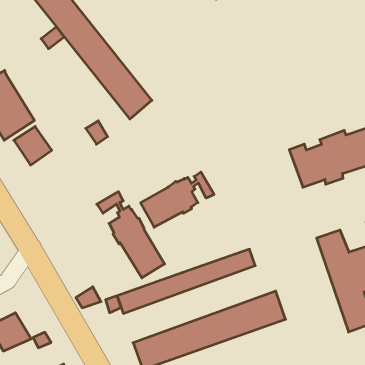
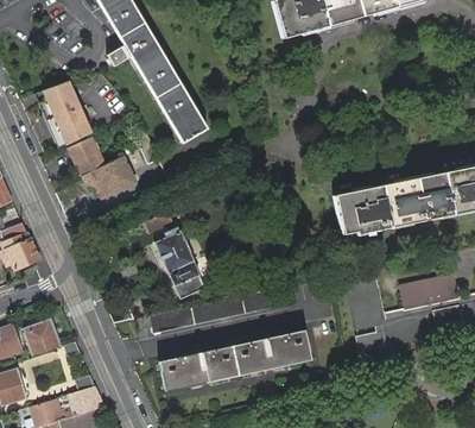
building: none -> [83,157,135,199]
building: [141,172,214,227] -> none

